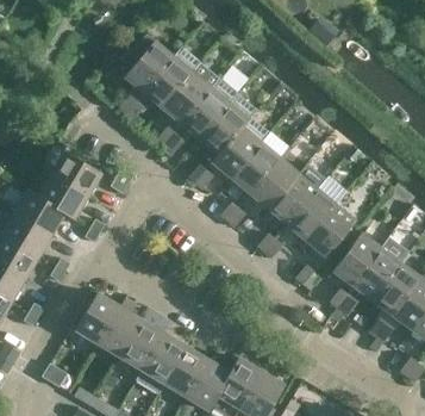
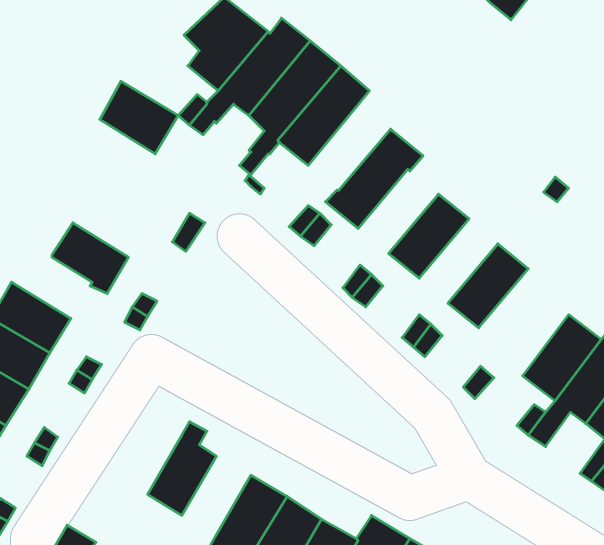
building: [199,93,257,155] -> none
building: [230,142,280,194] -> none
building: [52,151,101,197] -> [100,81,178,154]
building: [268,173,317,225] -> none
building: [14,190,64,235] -> none
building: [305,204,356,257] -> none
building: [75,293,120,344] -> none
building: [120,321,163,370] -> none

